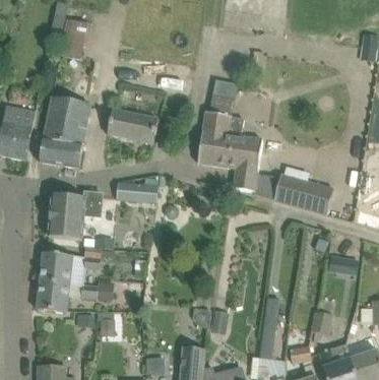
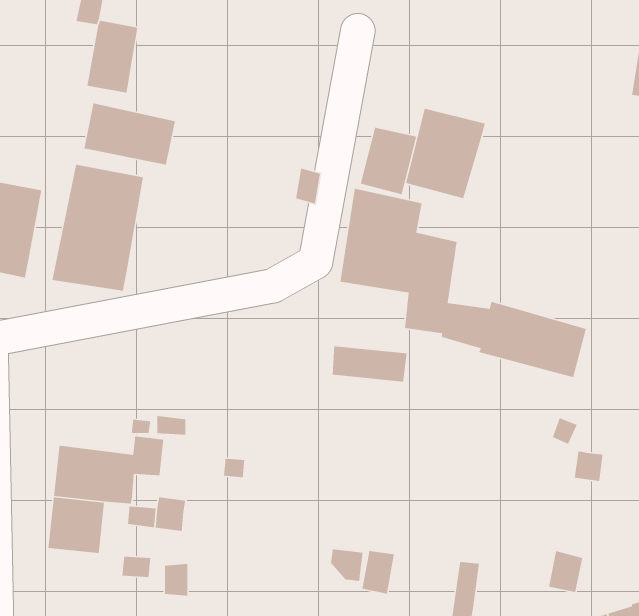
building: none -> [405,108,486,199]
building: [107,109,157,143] -> [84,102,176,165]
building: [116,182,157,202] -> [332,345,408,382]
building: [48,192,102,240] -> none

